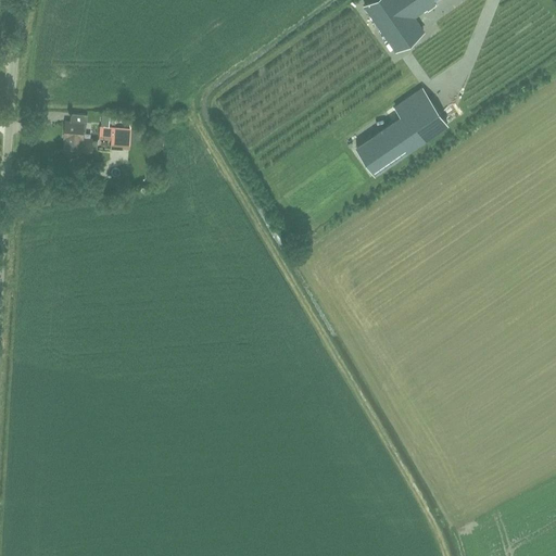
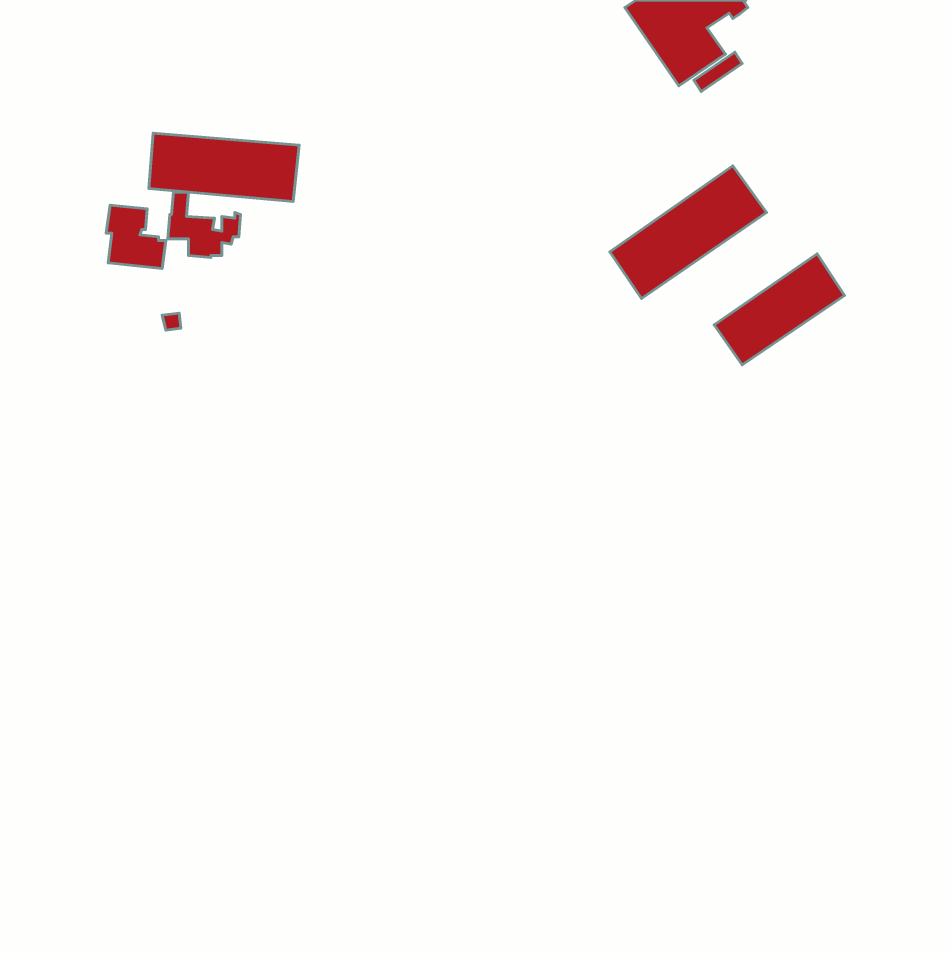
building: none -> [149,133,299,202]
building: none -> [714,254,845,365]

